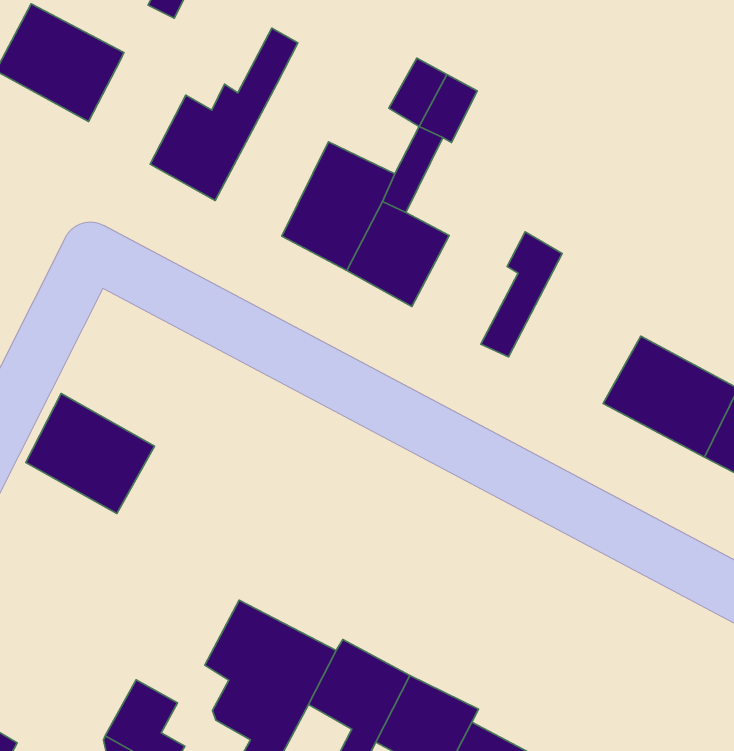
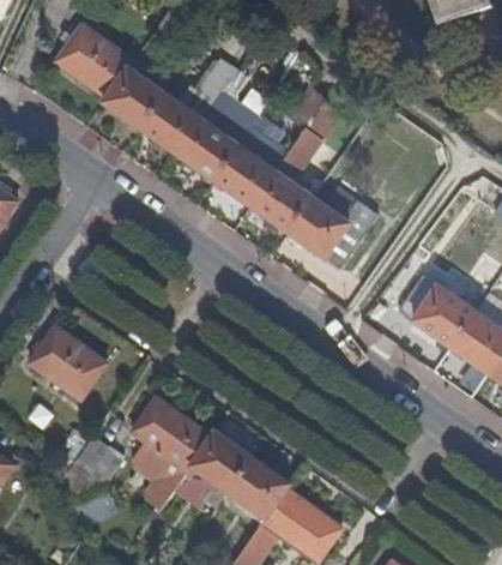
building: none -> [102,66,164,131]
building: none -> [174,92,255,184]
building: none -> [283,196,349,263]
building: [26,393,155,513] -> [30,324,108,399]

